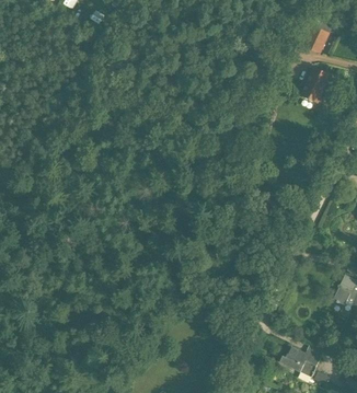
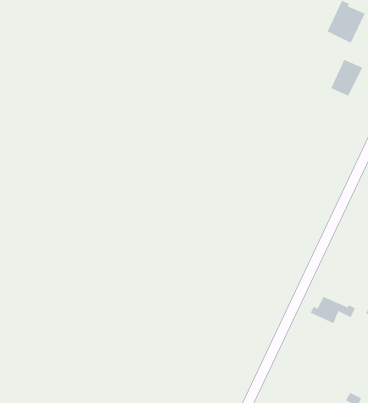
building: [279,346,321,371] -> [310,296,356,324]

